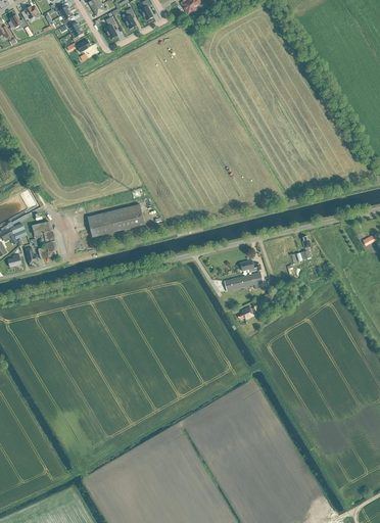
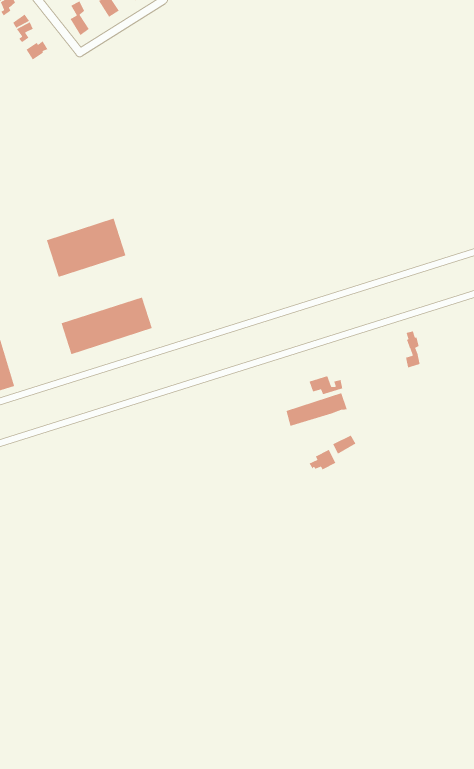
building: none -> [46,218,126,278]

